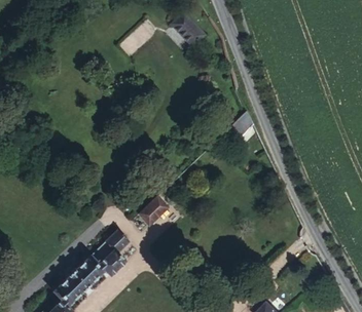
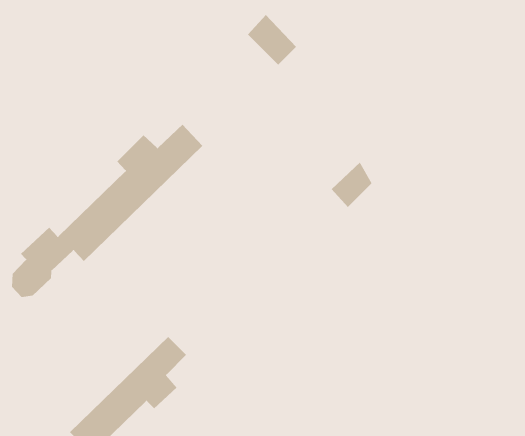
building: none -> [11,124,203,298]
building: [138,195,169,225] -> none

